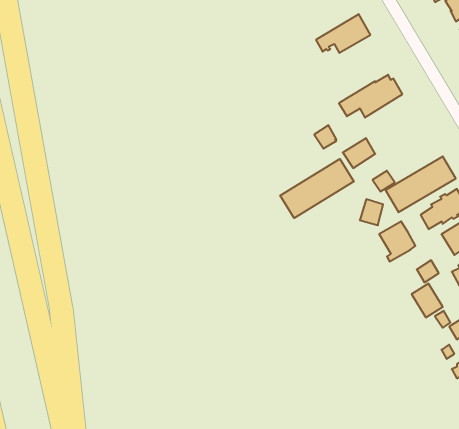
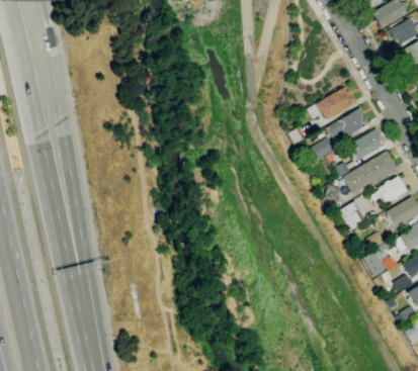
building: [316,14,370,53] -> [327,107,369,137]
building: none -> [348,128,383,161]
building: [280,159,354,218] -> none

